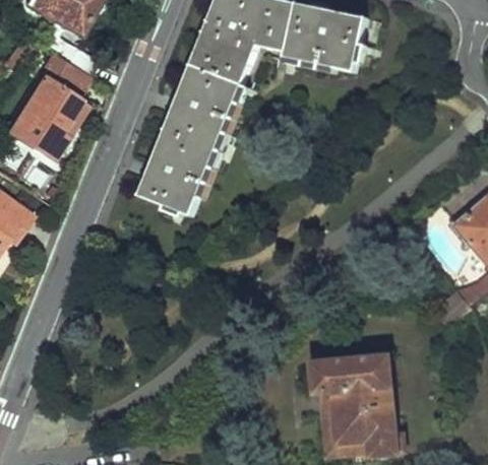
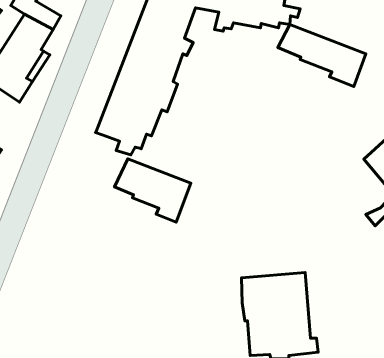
building: none -> [278,24,366,87]
building: none -> [115,159,191,222]

